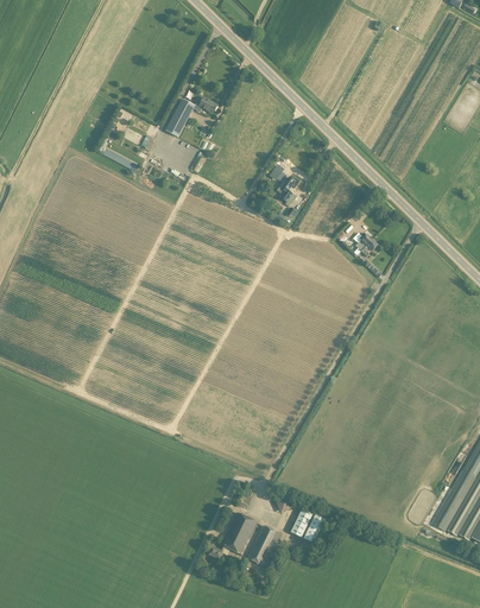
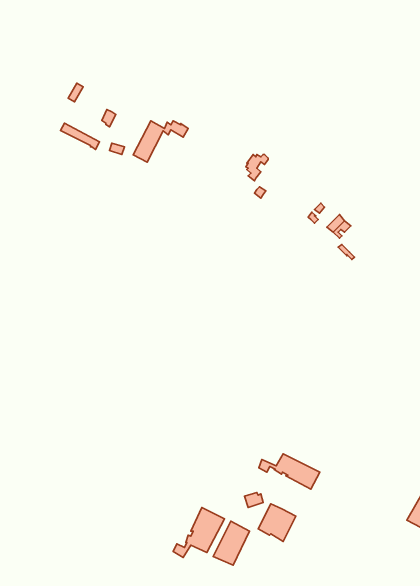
building: [166,99,219,138] -> [133,121,188,162]
building: none -> [259,454,320,489]

